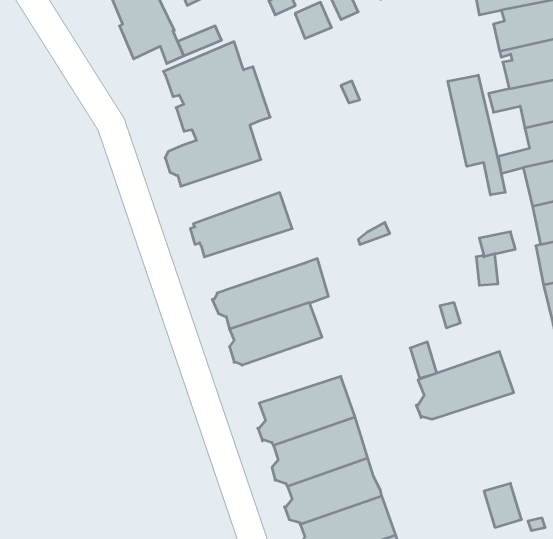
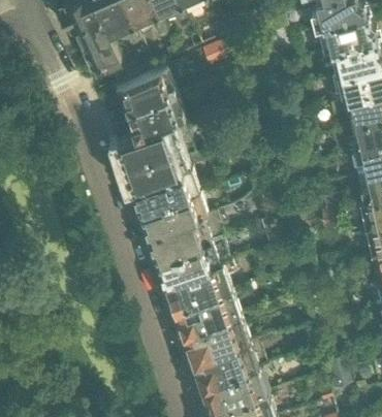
building: [448,75,505,195] -> none
building: none -> [125,148,205,190]
building: none -> [140,193,206,235]
building: [416,352,514,419] -> [166,263,230,308]

